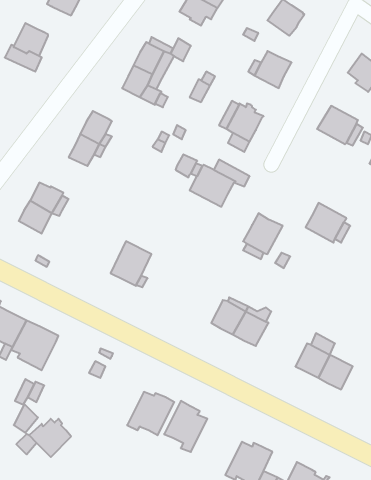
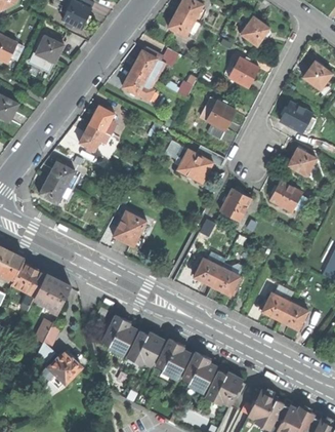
building: none -> [287,147,316,176]
building: none -> [101,315,136,356]
building: none -> [182,352,216,393]

